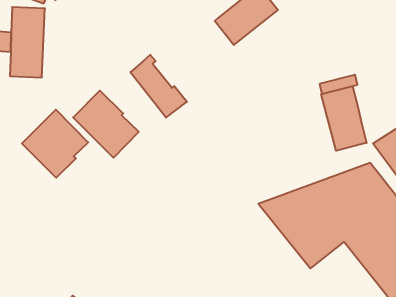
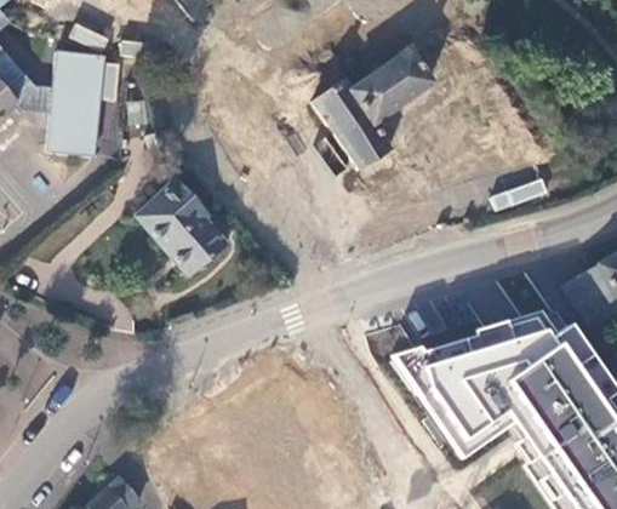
building: [130,55,187,118] -> [314,78,393,170]
building: [321,86,367,151] -> none
building: [22,110,88,178] -> none

